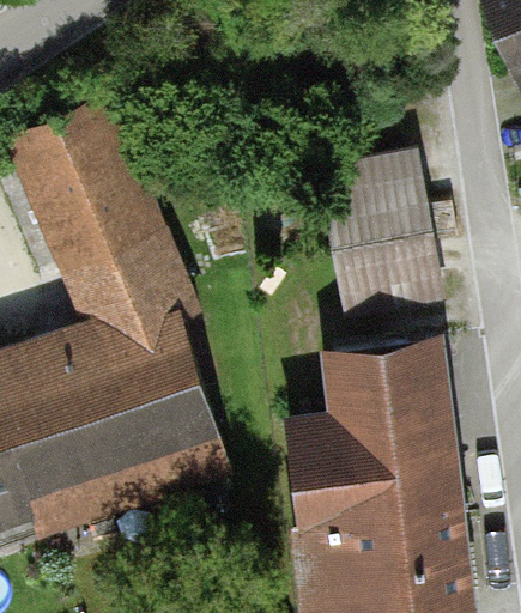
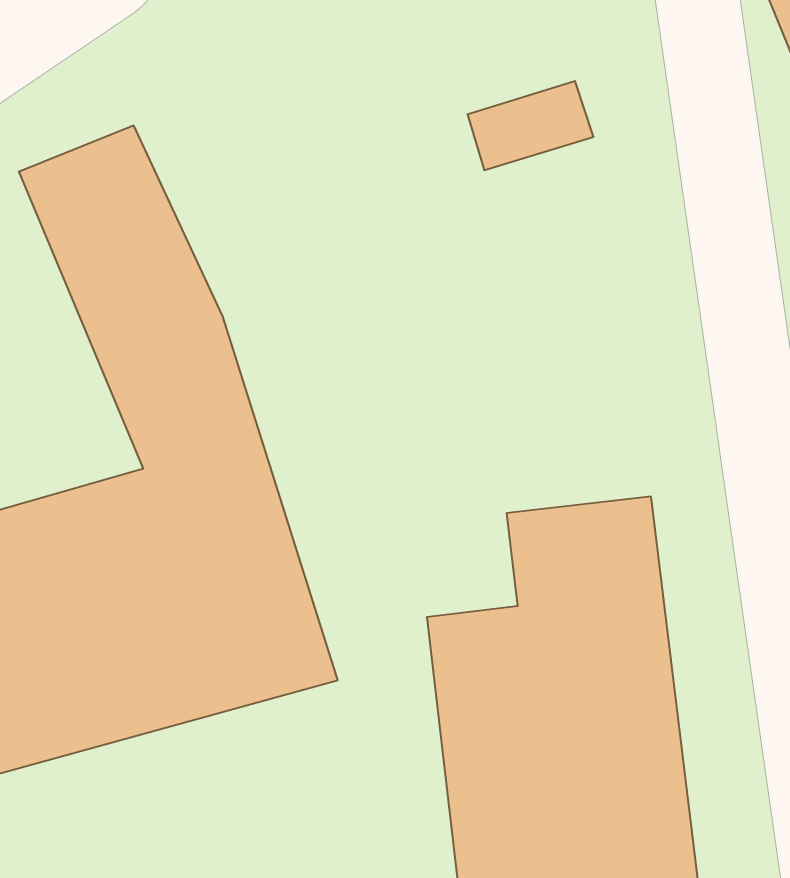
building: [326,158,444,304] -> none

